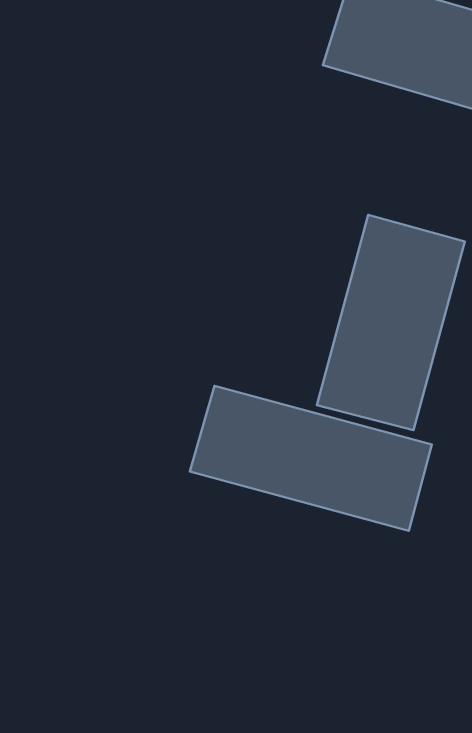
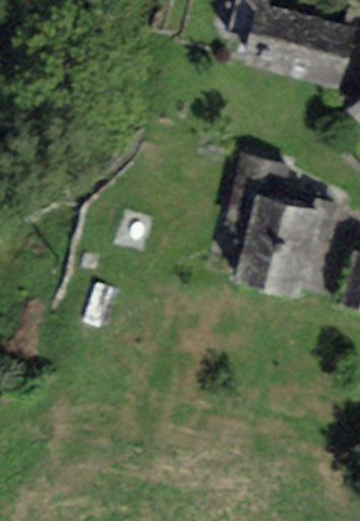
building: [190,386,432,531] -> none

